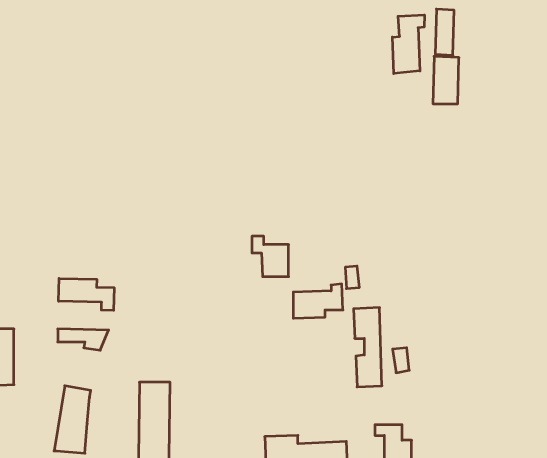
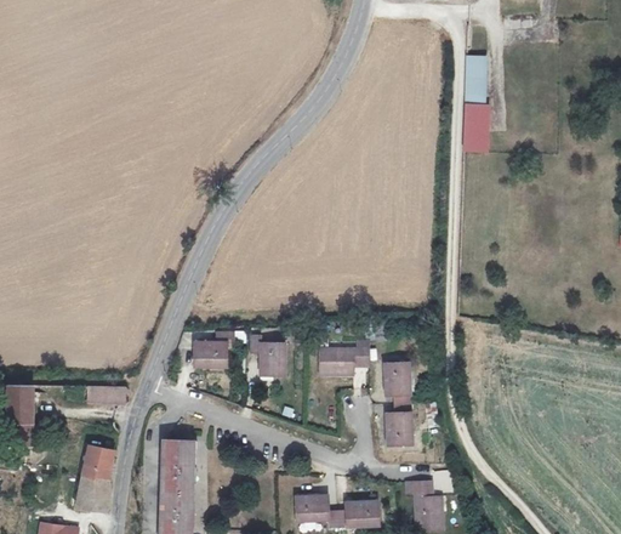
building: [392,15,424,74] -> none
building: [252,236,289,277] -> [249,335,286,376]
building: [59,278,114,310] -> none
building: none -> [194,335,234,368]

